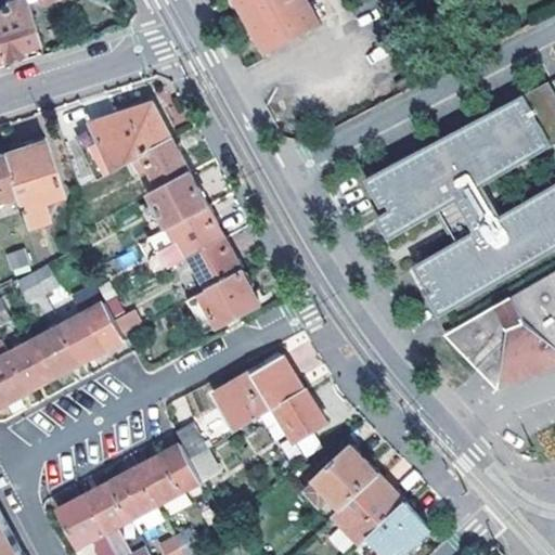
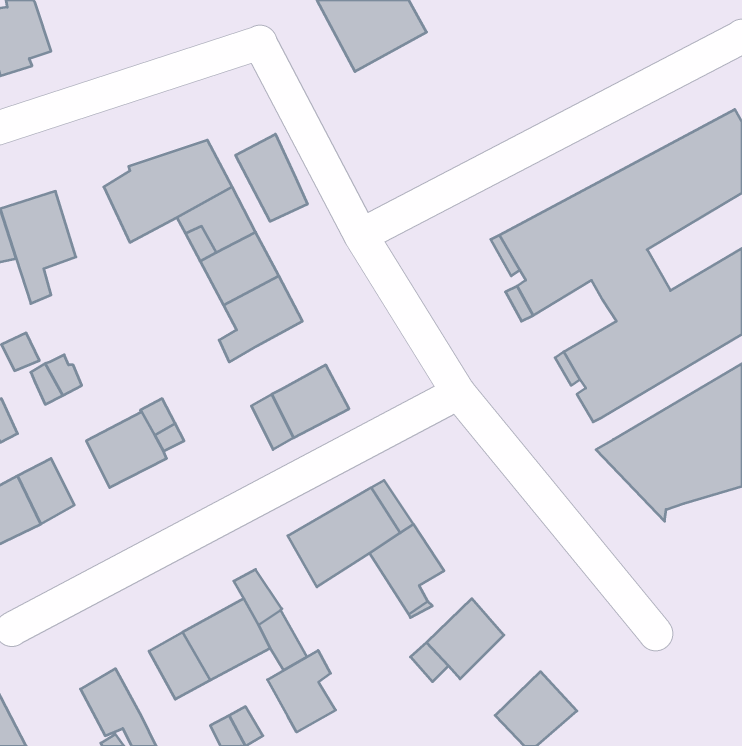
building: none -> [236,134,307,221]
building: [191,238,242,289] -> none
building: [38,327,81,375] -> none
building: [332,472,401,541] -> none
building: none -> [267,650,336,732]
building: [86,483,130,532] -> none

